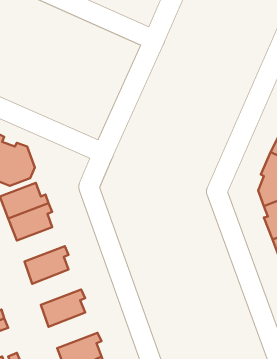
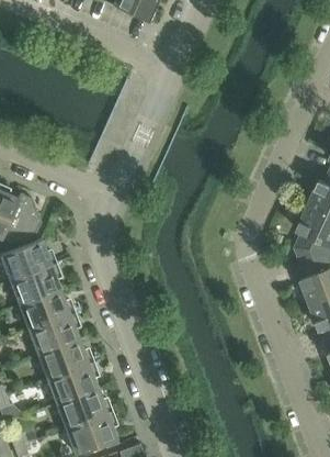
building: none -> [20,289,75,328]
building: none -> [37,337,93,378]
building: none -> [56,387,112,427]

